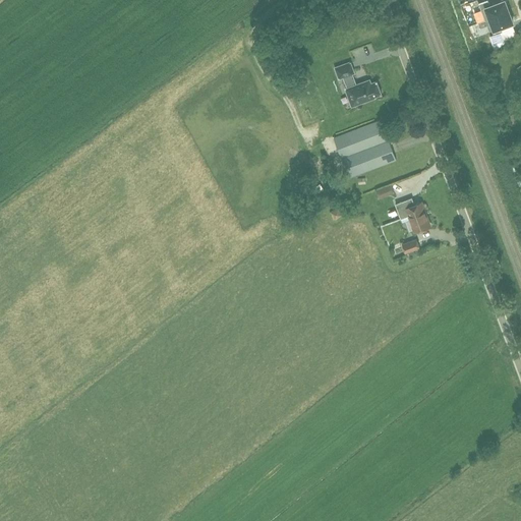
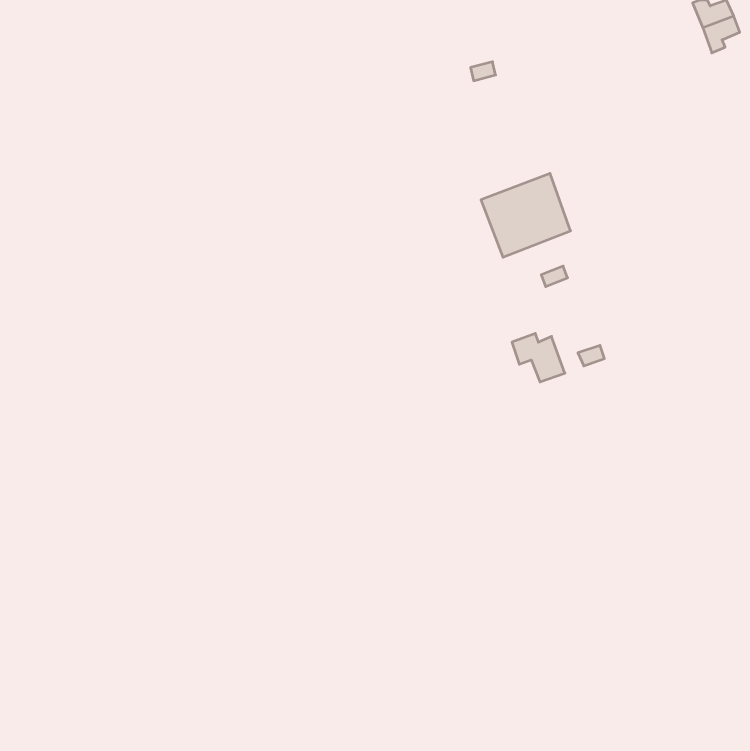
building: [334,62,381,104] -> none
building: [394,198,430,232] -> [512,333,565,382]

